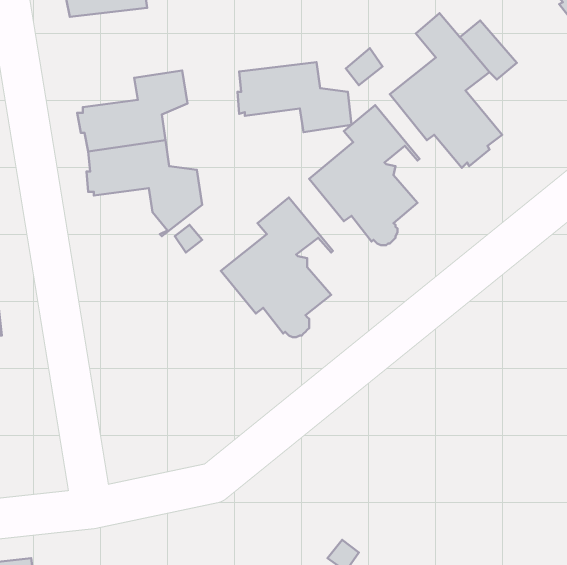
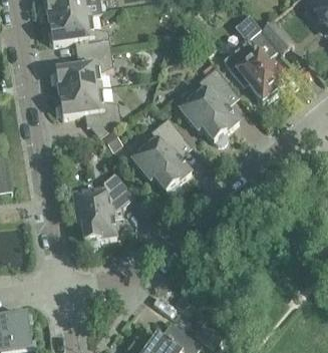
building: [237,62,351,132] -> [48,13,110,51]
building: none -> [73,170,135,246]

